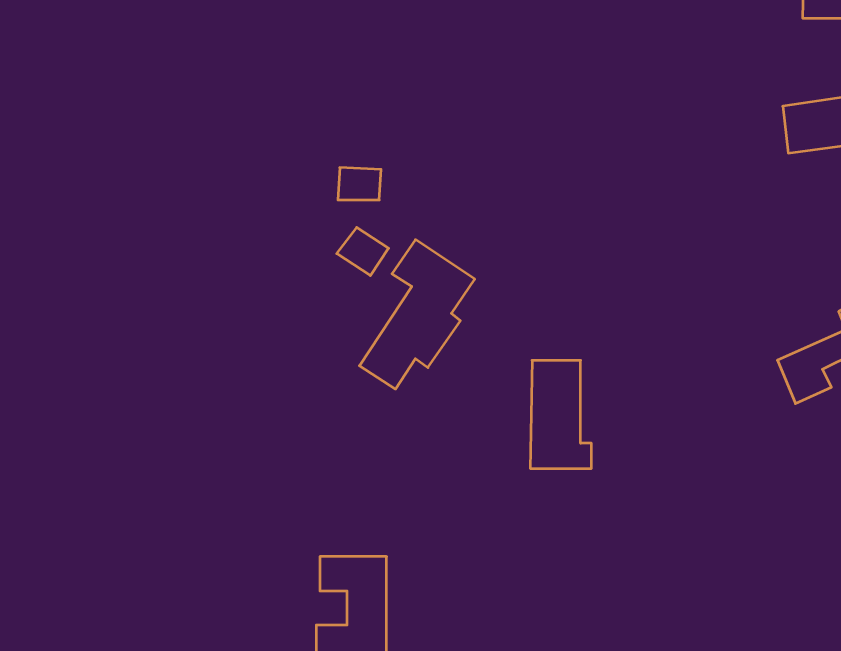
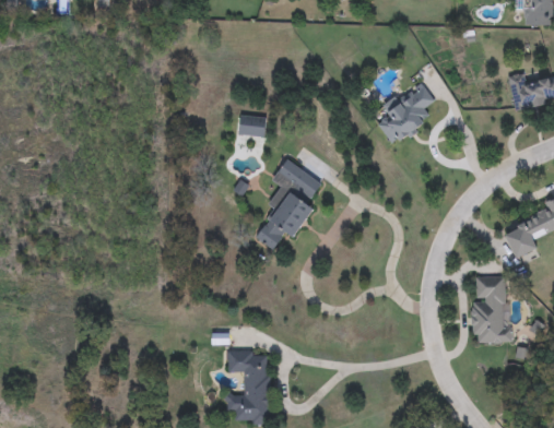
building: none -> [377,81,436,144]
building: [337,227,389,276] -> none
building: [530,360,591,468] -> [473,276,510,342]

